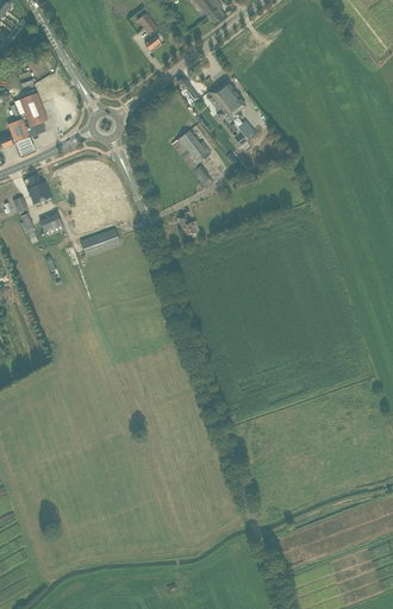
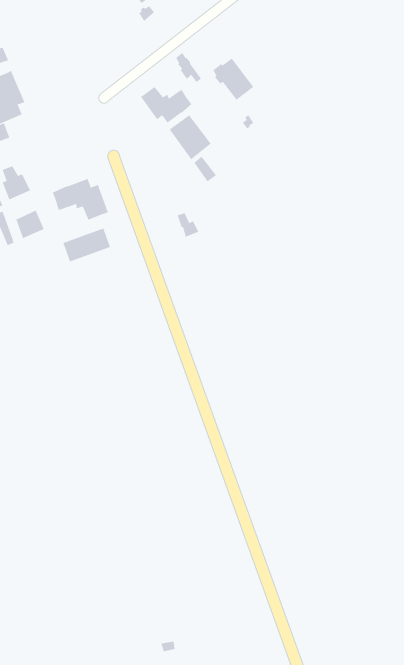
building: none -> [140,86,192,123]
building: none -> [52,178,108,220]

